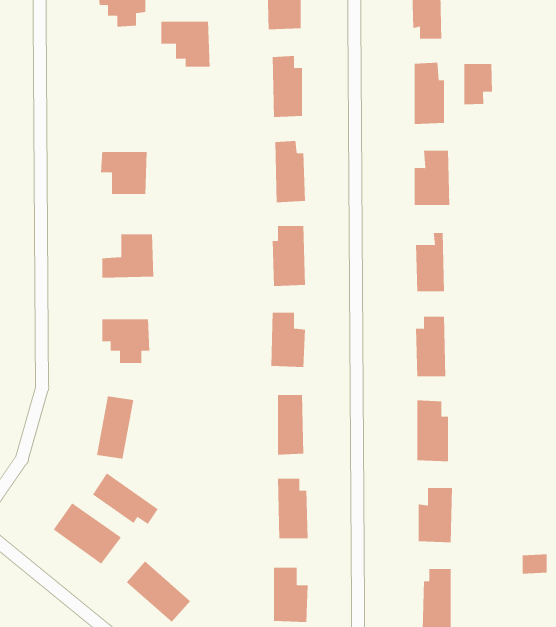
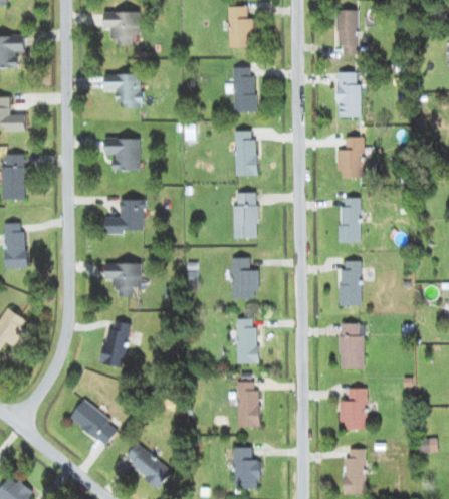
building: [160,21,210,67] -> [104,73,142,107]
building: [464,63,493,105] -> none
building: [92,473,159,525] -> none

